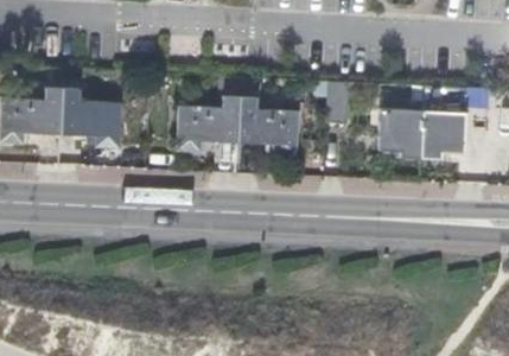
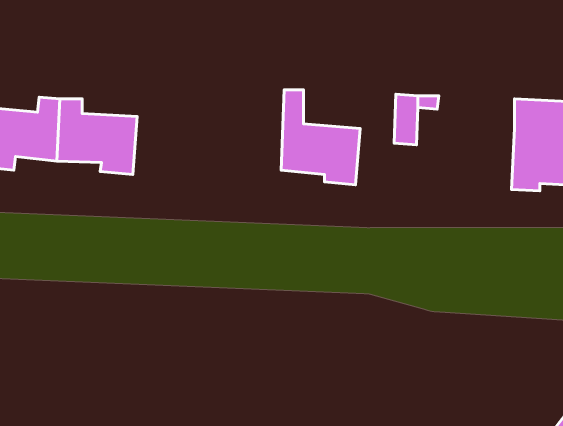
building: [178,77,242,150] -> none
building: [381,108,426,158] -> none

